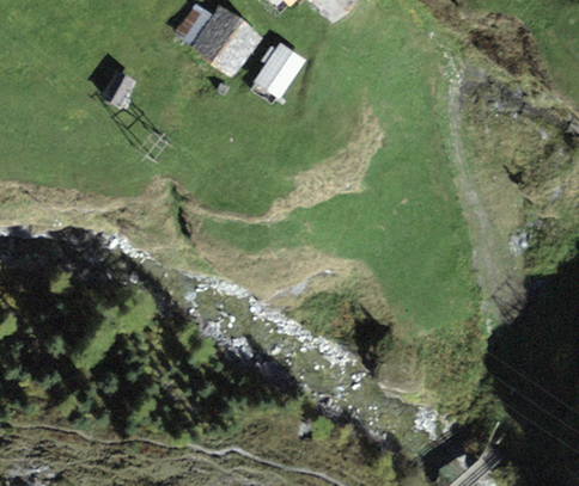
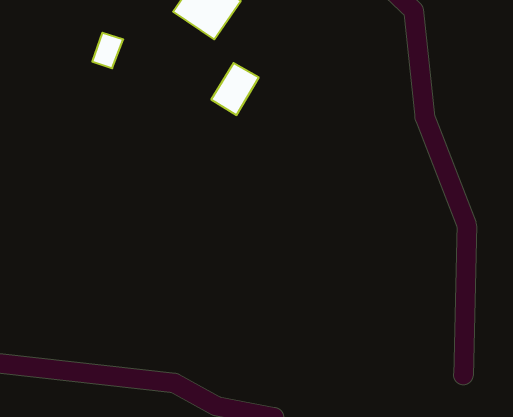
building: [252,42,304,98] -> [211,63,259,115]

